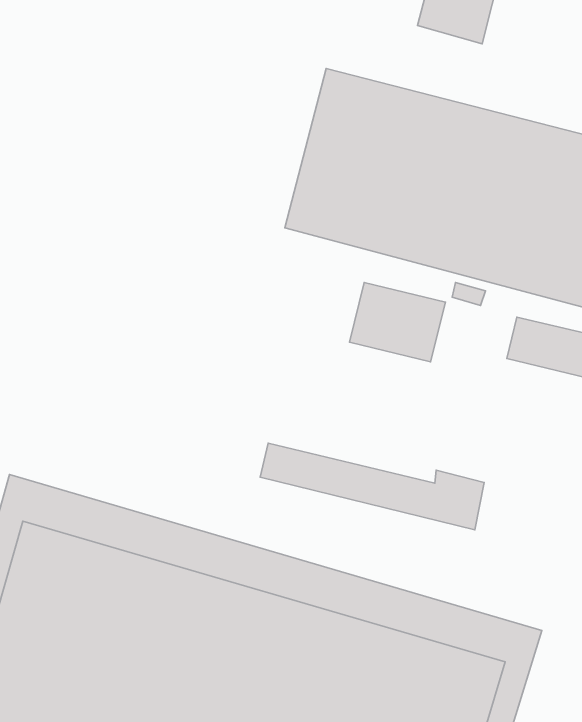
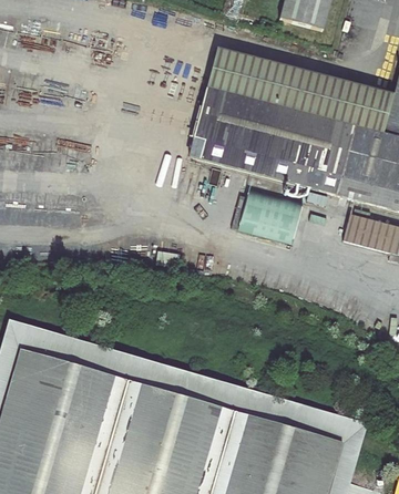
building: [260,443,484,530] -> none

